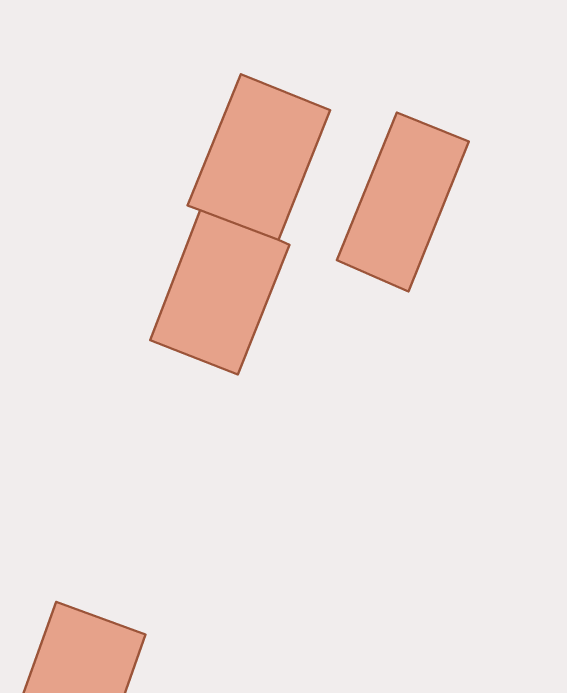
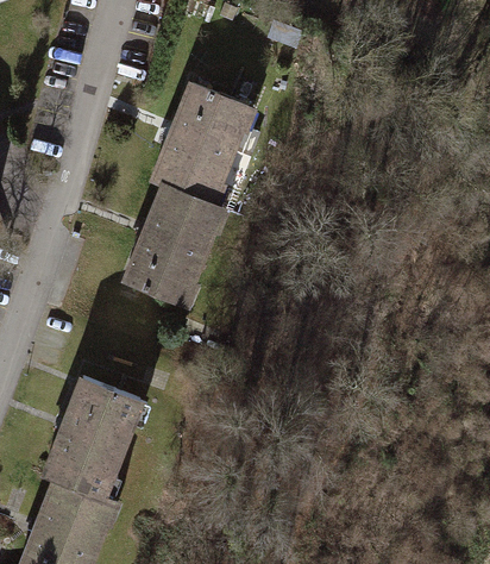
building: [337,113,469,292] -> none
building: none -> [42,376,142,501]

